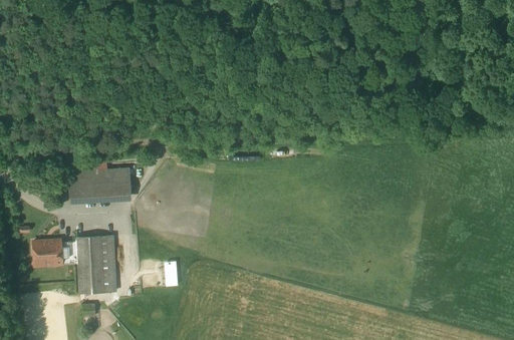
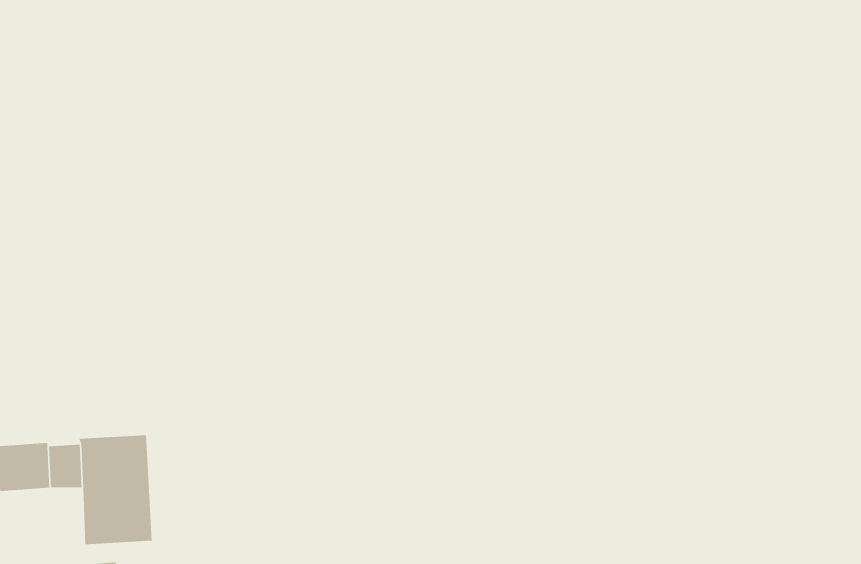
building: [68,168,131,198] -> none

